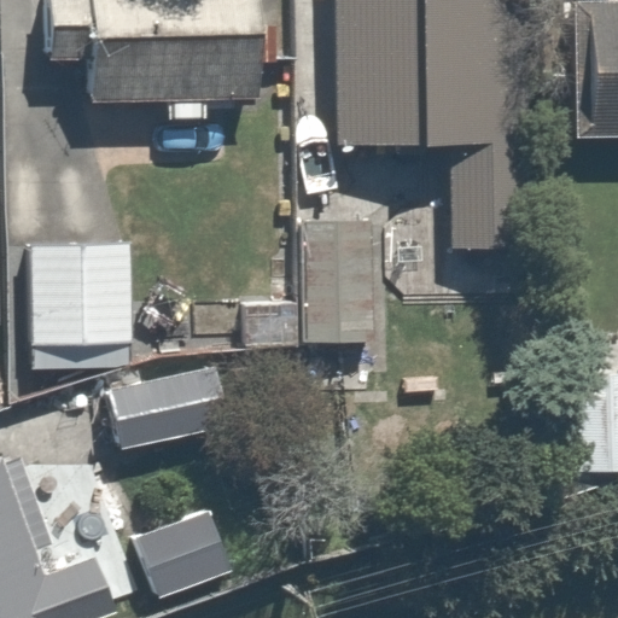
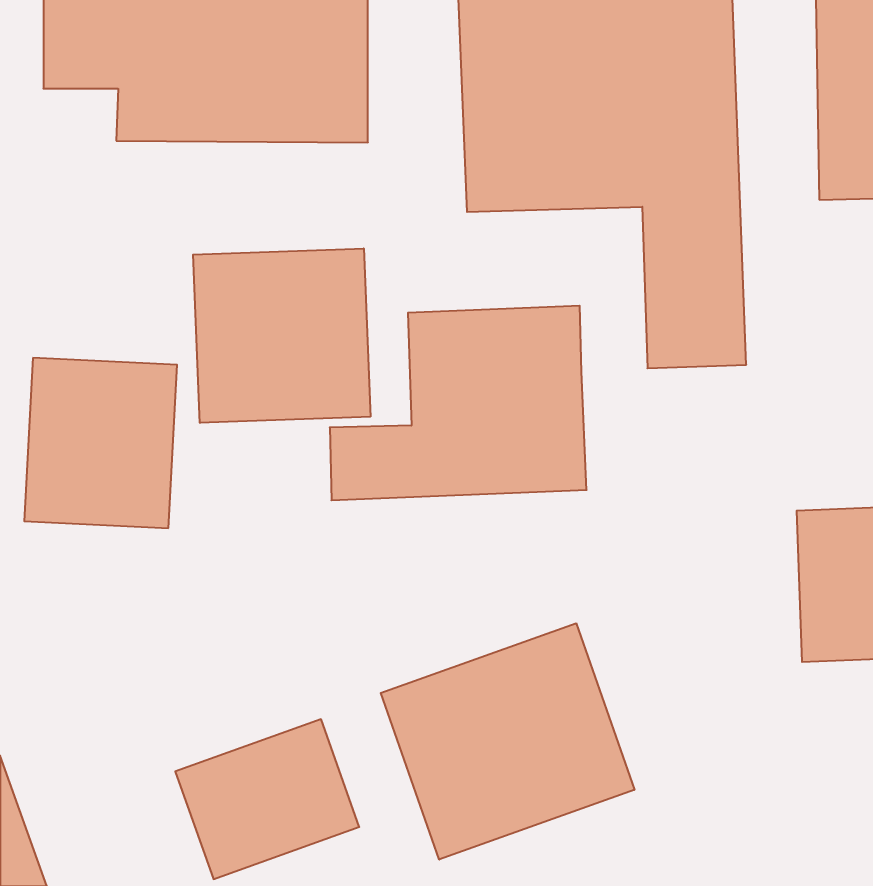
building: none -> [193,248,370,423]
building: [92,367,229,451] -> none
building: none -> [381,623,634,860]

